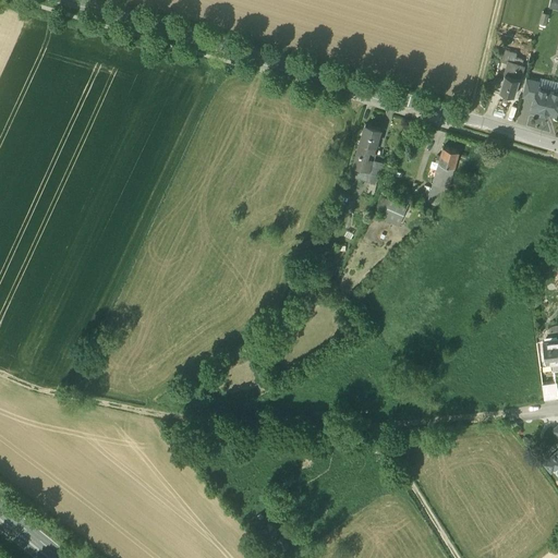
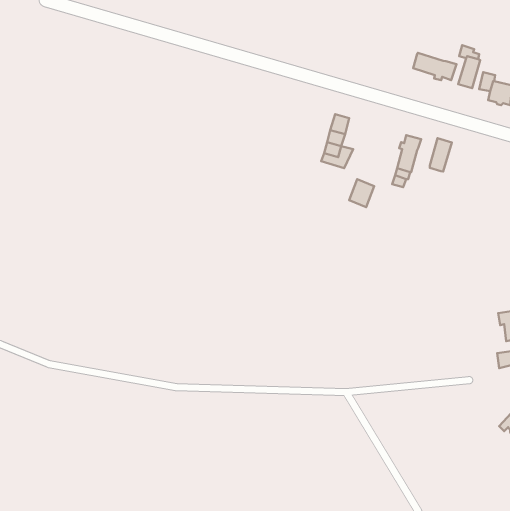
building: none -> [413,53,456,80]
building: none -> [430,138,452,172]

